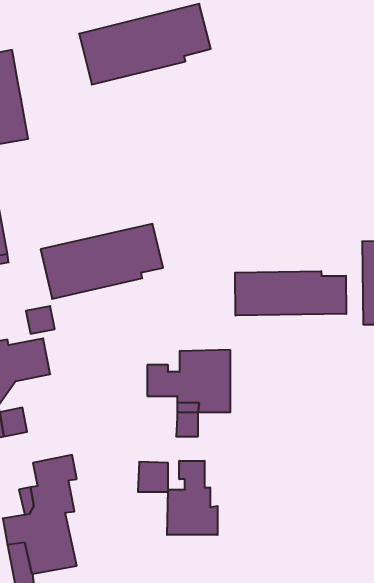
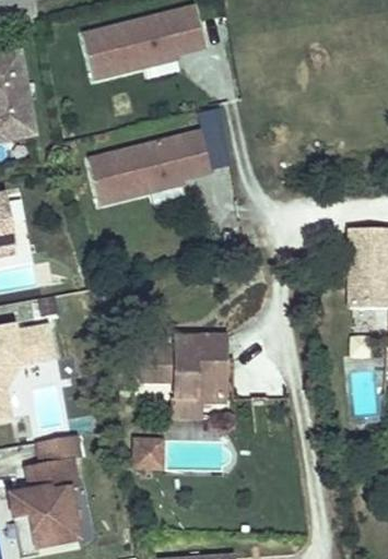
building: [41,224,163,299] -> [92,132,208,203]
building: [235,271,346,316] -> none
building: [167,461,218,535] -> none

